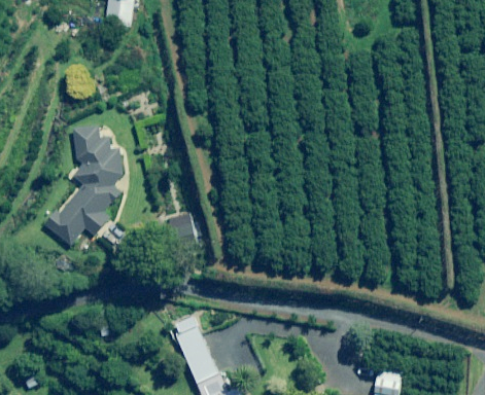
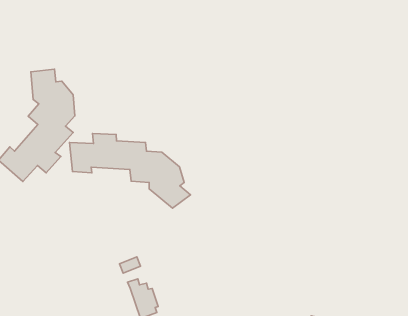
building: none -> [70,133,190,208]

